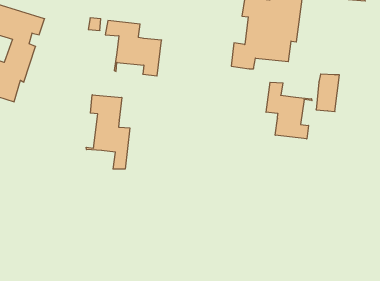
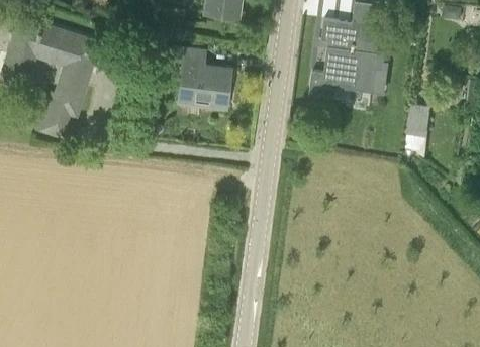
building: [266,82,312,139] -> none
building: [86,95,130,169] -> none

